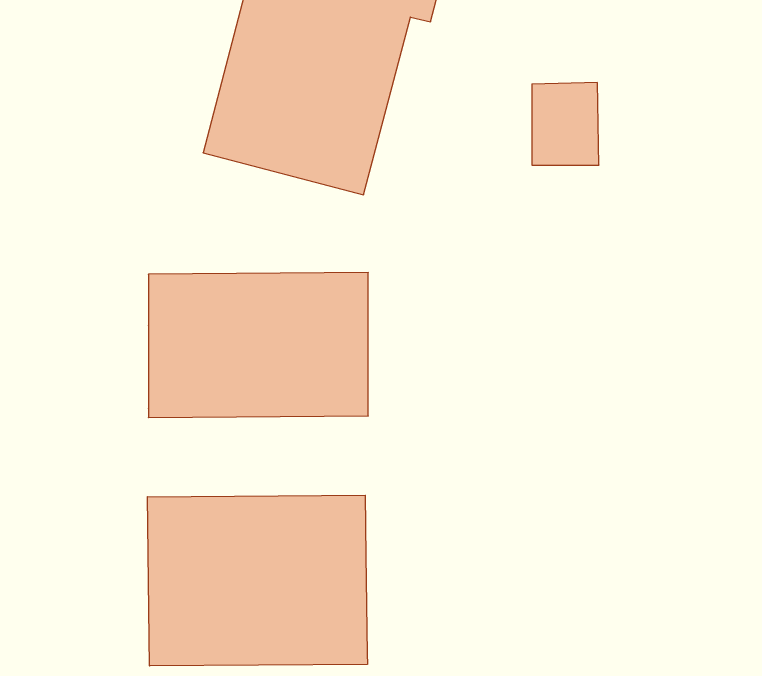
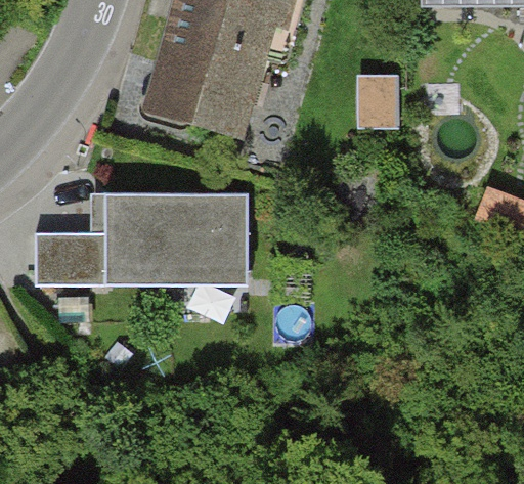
building: none -> [37,227,105,281]
building: [147,495,367,666] -> none

